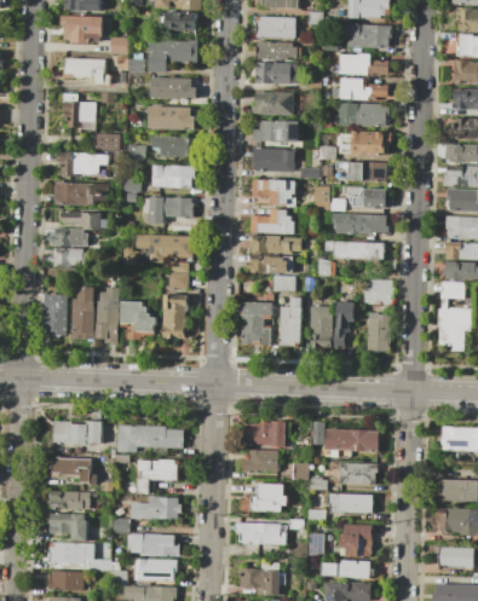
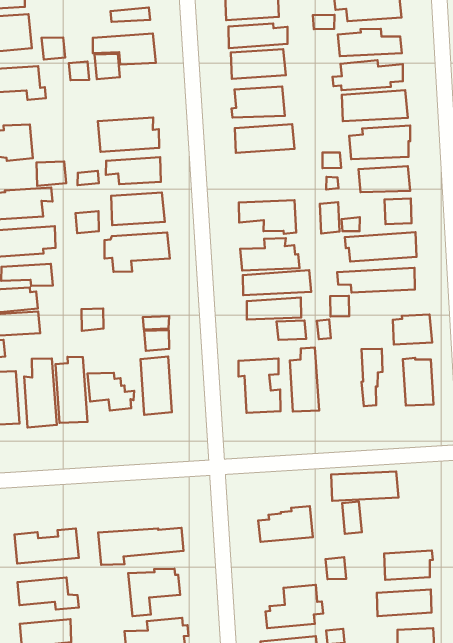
building: [151,77,196,99] -> none
building: [252,148,294,172] -> none
building: [134,235,195,264] -> none
building: [309,306,332,346] -> none
building: [326,428,378,451] -> [331,471,399,501]
building: [242,449,277,472] -> none

